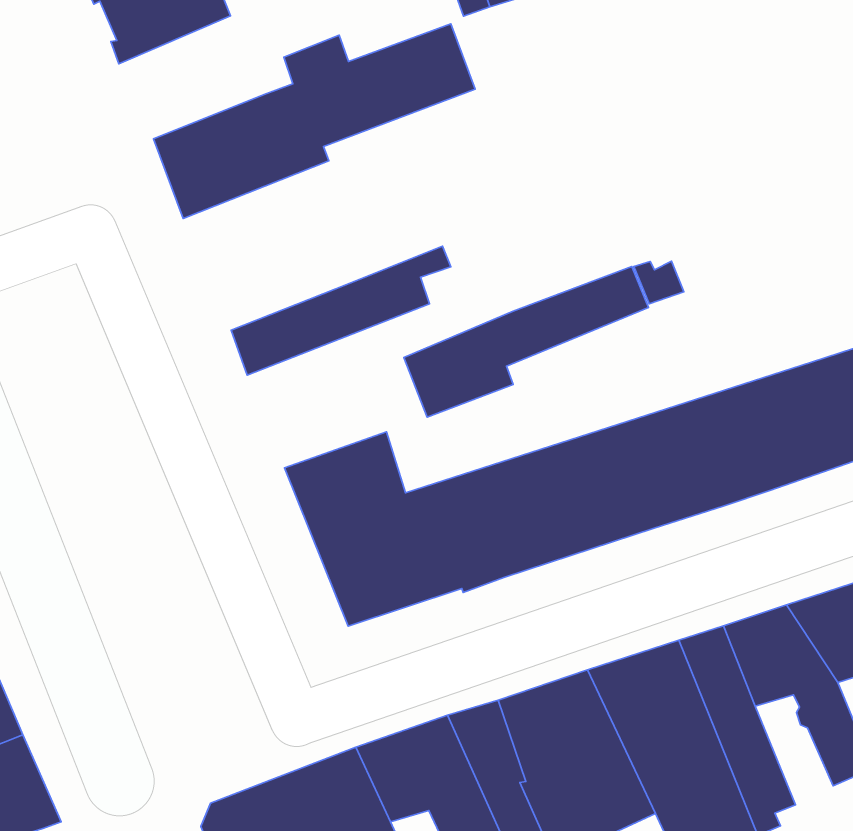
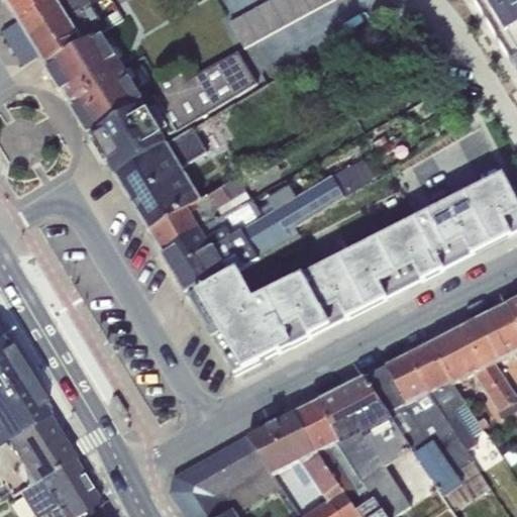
building: none -> [68,62,146,132]
building: none -> [114,125,207,226]
building: none -> [161,183,295,294]

